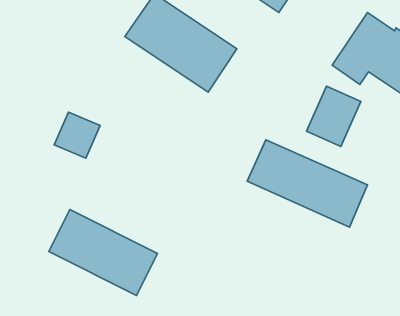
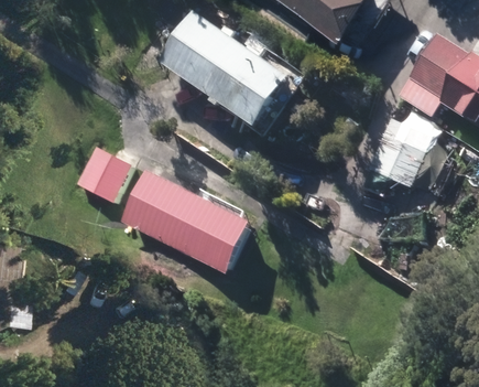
building: [247,140,367,227] -> none
building: [49,209,158,296] -> [123,172,249,271]

